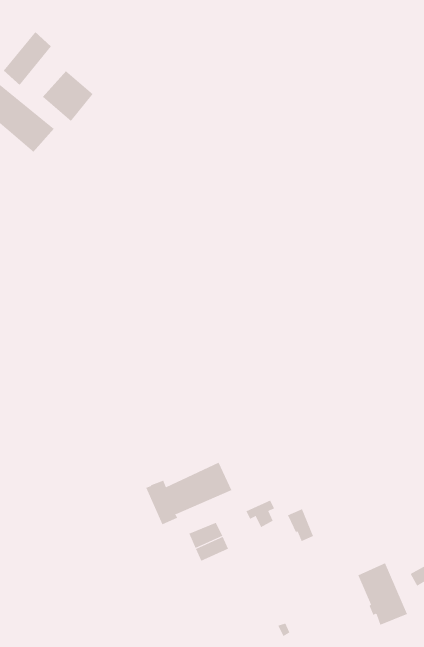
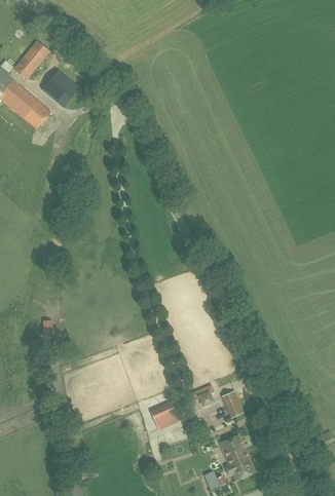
building: [145,462,232,525] -> none
building: [358,563,408,625] -> [218,432,255,479]

